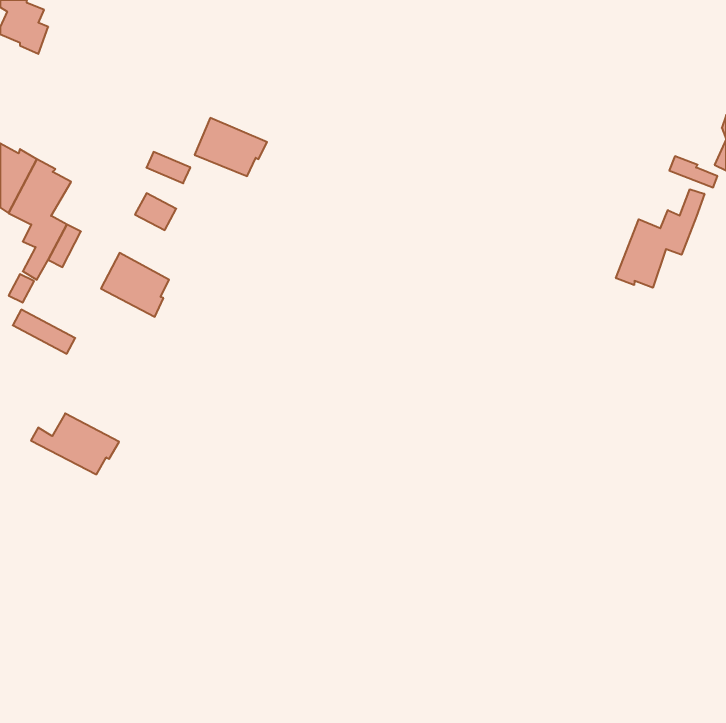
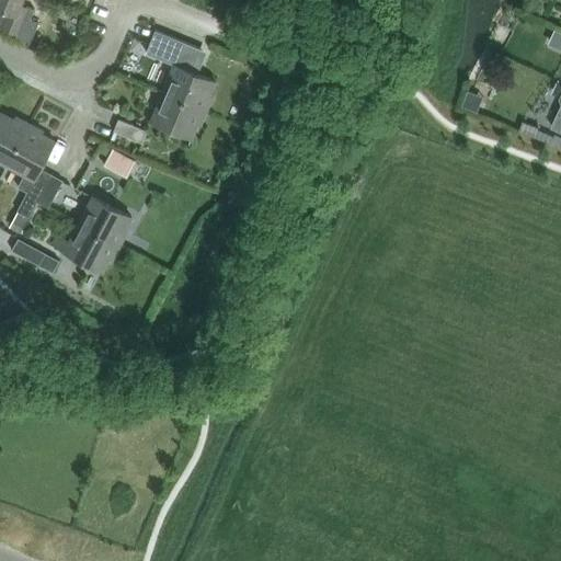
building: none -> [145,31,215,112]
building: [616,189,704,288] -> none
building: [31,413,119,474] -> [51,225,119,272]

